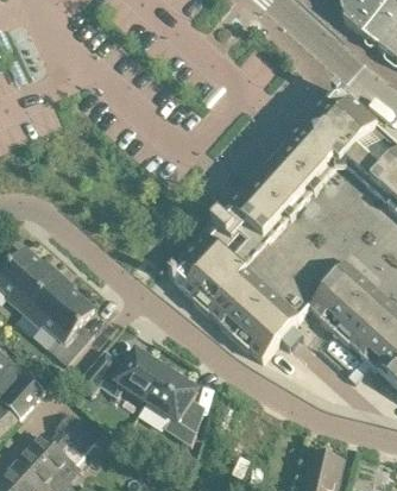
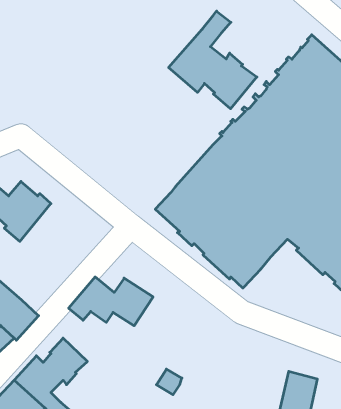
building: none -> [169,11,257,109]
building: [25,270,95,364] -> none
building: [147,370,198,445] -> none

